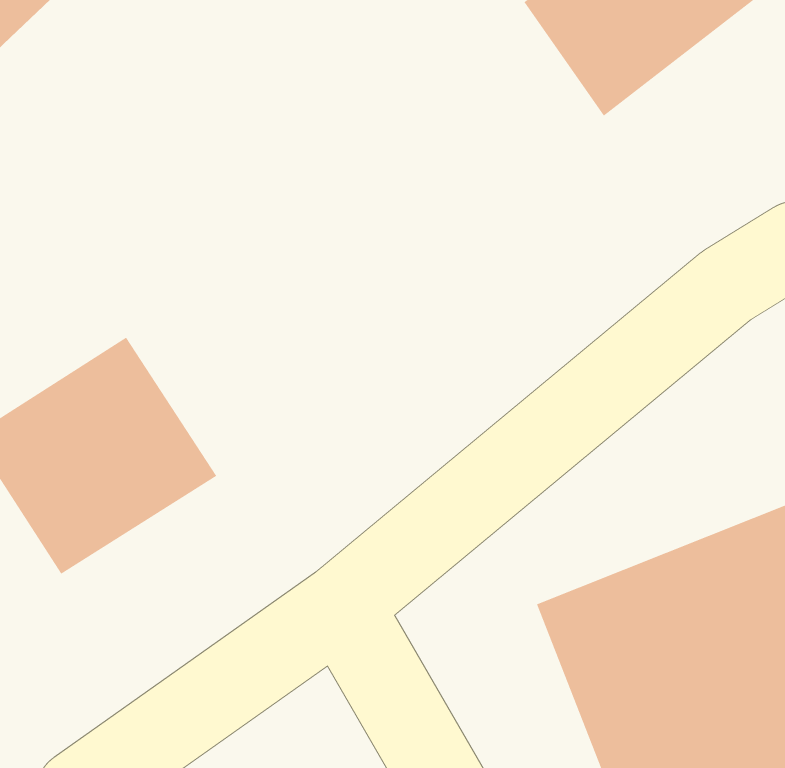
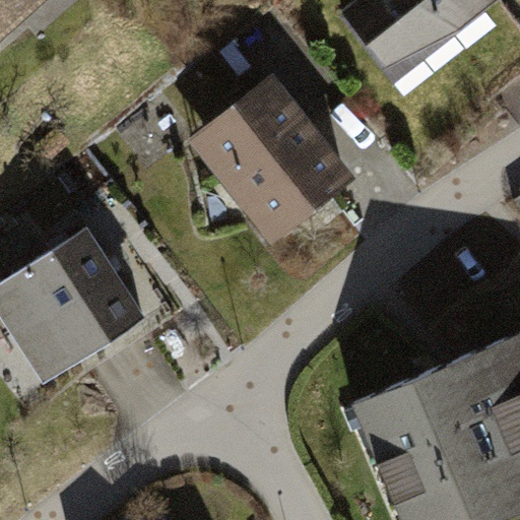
building: none -> [189,76,354,245]

